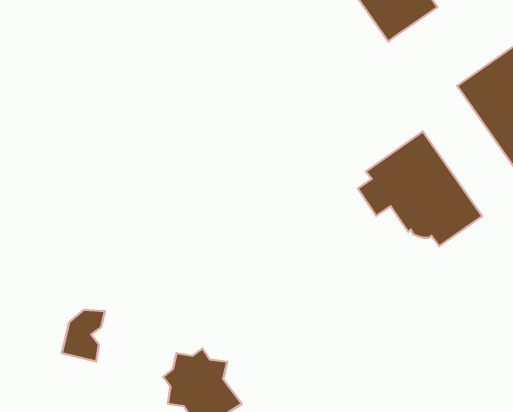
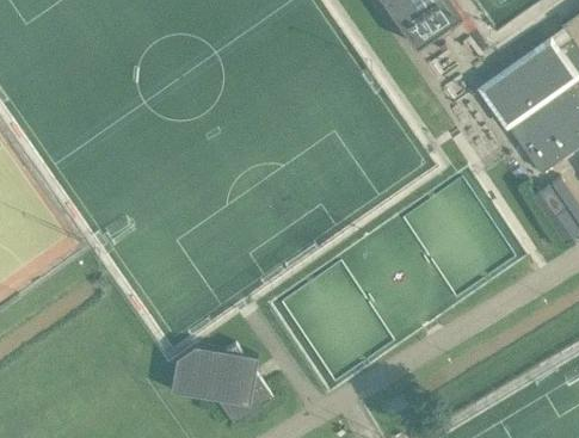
building: [358,131,482,246] -> none
building: [62,310,105,362] -> [166,348,208,399]

